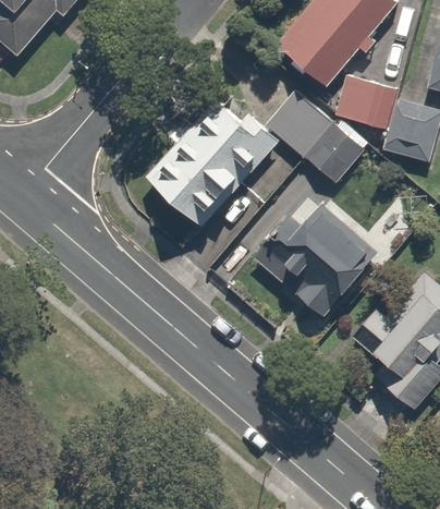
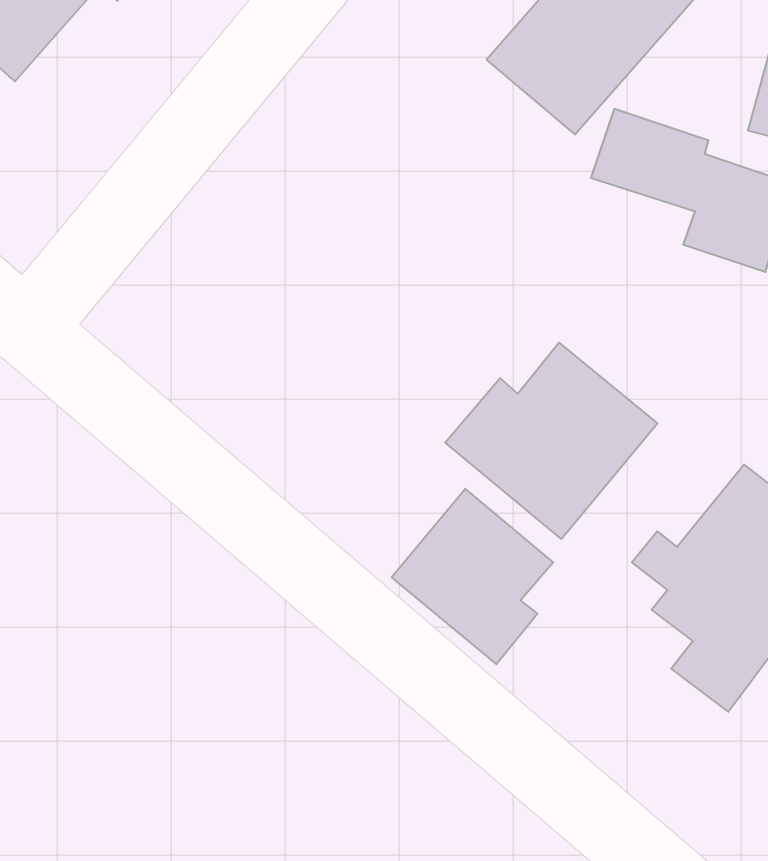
building: [264,83,363,179] -> none
building: [145,95,277,231] -> none
building: none -> [392,489,553,664]

